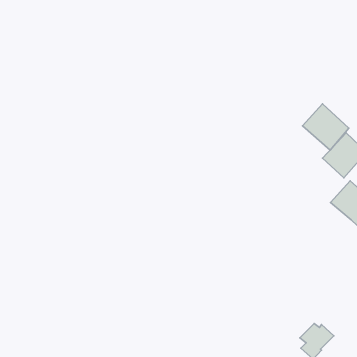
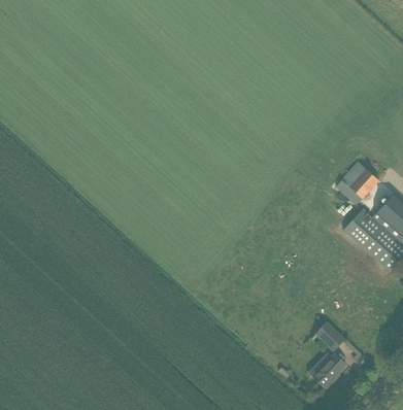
building: [303,104,349,150] -> none
building: none -> [315,321,346,351]

